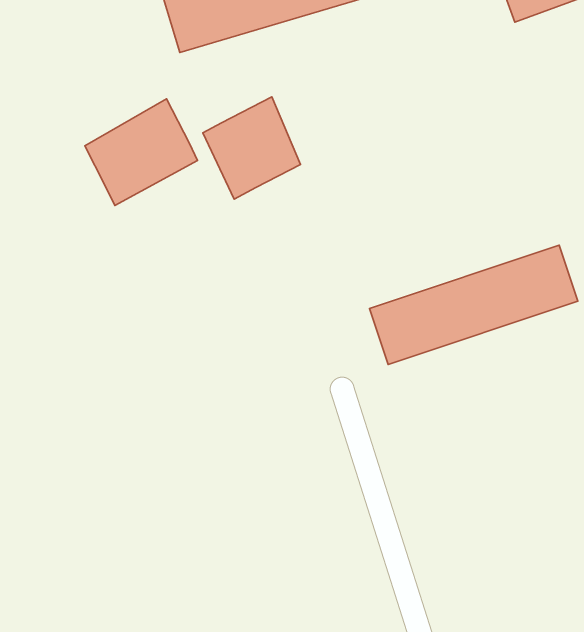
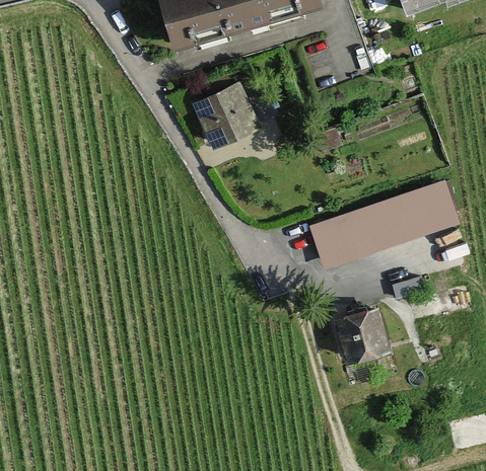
building: [85,99,198,205] -> none
building: none -> [338,310,403,373]

